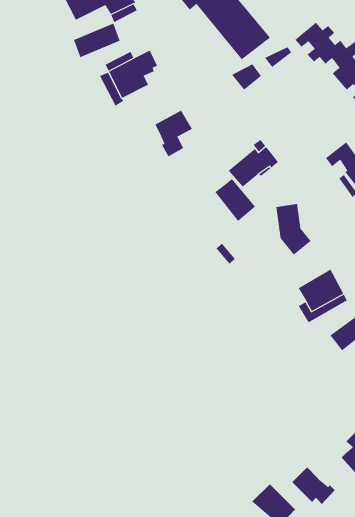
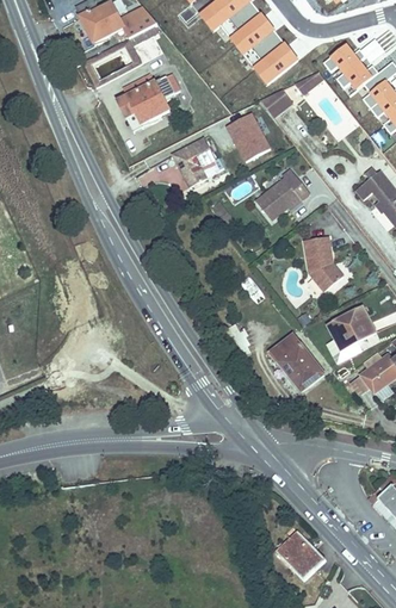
building: none -> [224,112,271,162]
building: [214,178,256,222] -> none
building: none -> [265,331,322,390]
building: [291,467,336,505] -> none

